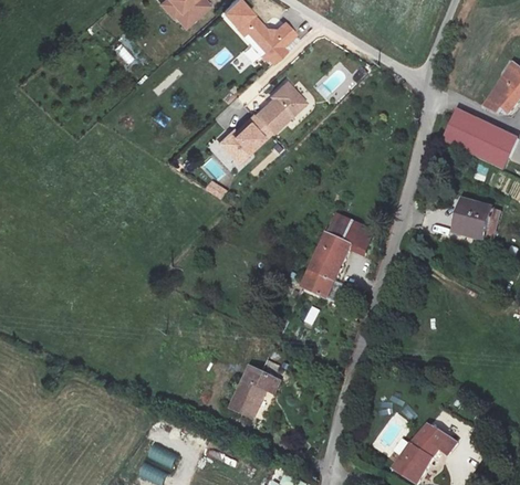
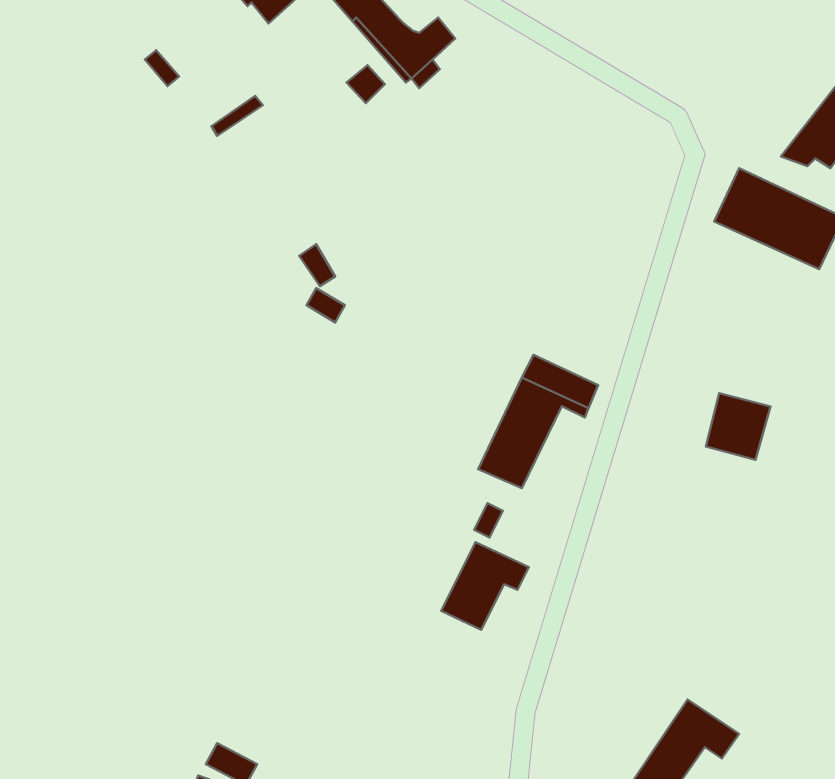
building: [218,84,301,159] -> none
building: [457,203,495,242] -> [706,393,771,460]
building: [232,368,283,419] -> [441,542,529,630]

